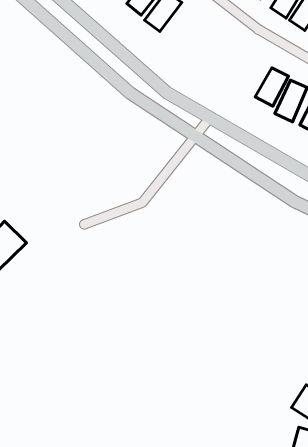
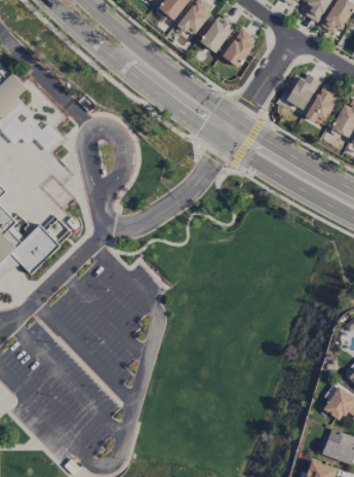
building: none -> [199,12,235,52]
building: none -> [222,28,257,67]

